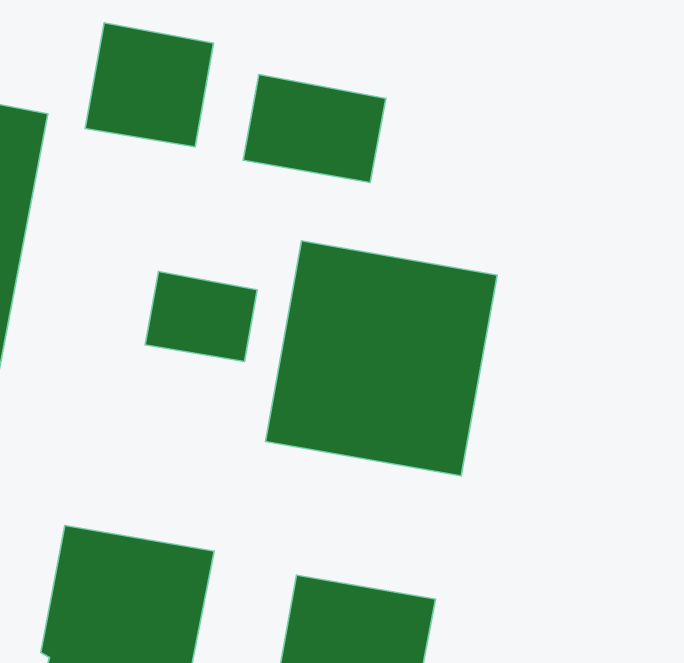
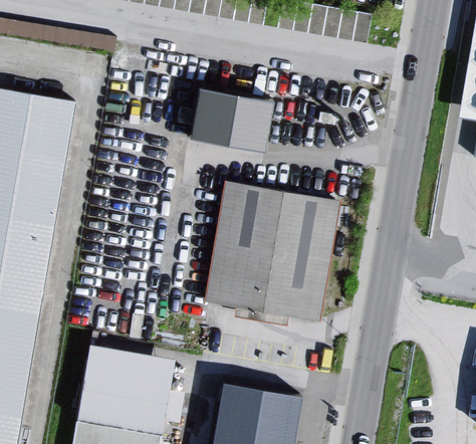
building: [85,23,214,147] -> none
building: [145,272,257,362] -> none

